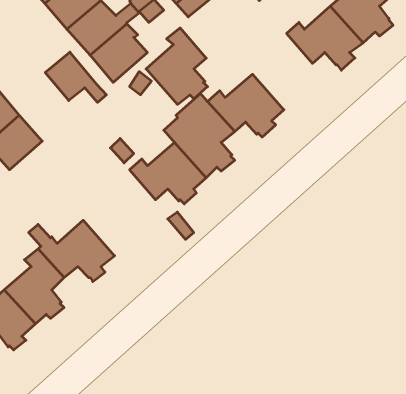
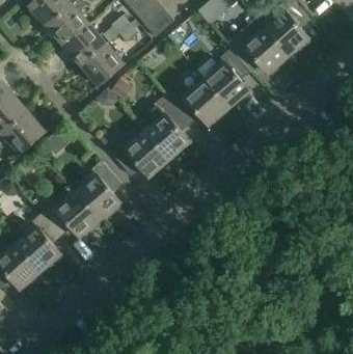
building: [146,28,208,104] -> [205,49,251,107]
building: [45,52,106,102] -> none
building: none -> [76,160,121,218]

